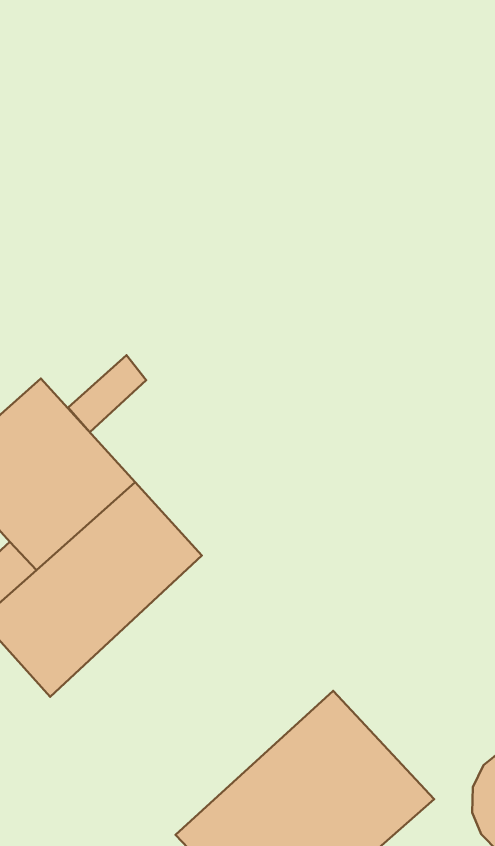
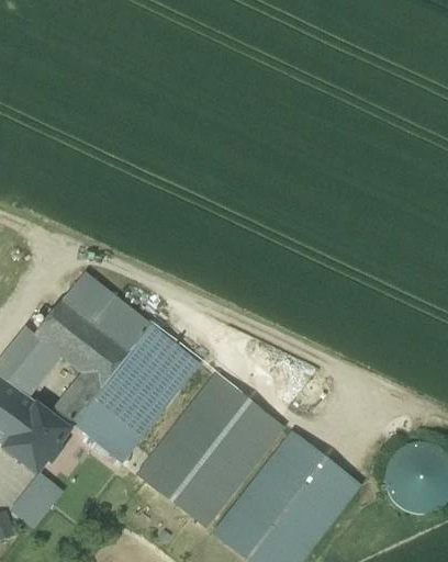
building: [68,355,146,432] -> none
building: none -> [136,374,284,529]

